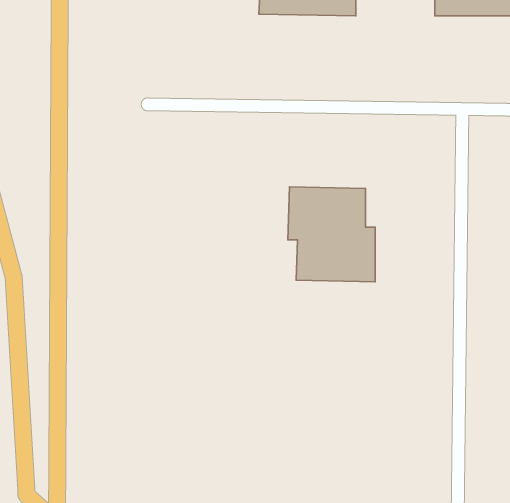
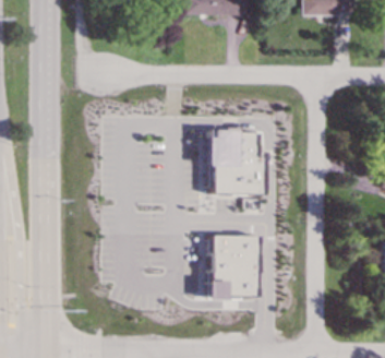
building: none -> [207,235,257,299]

